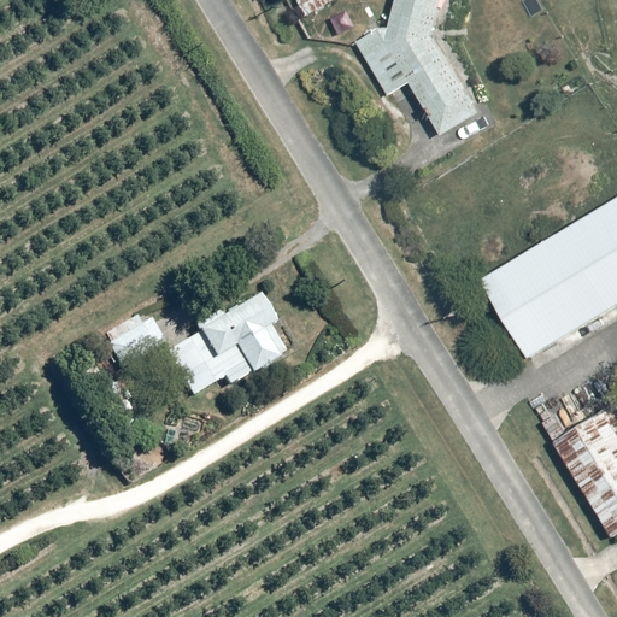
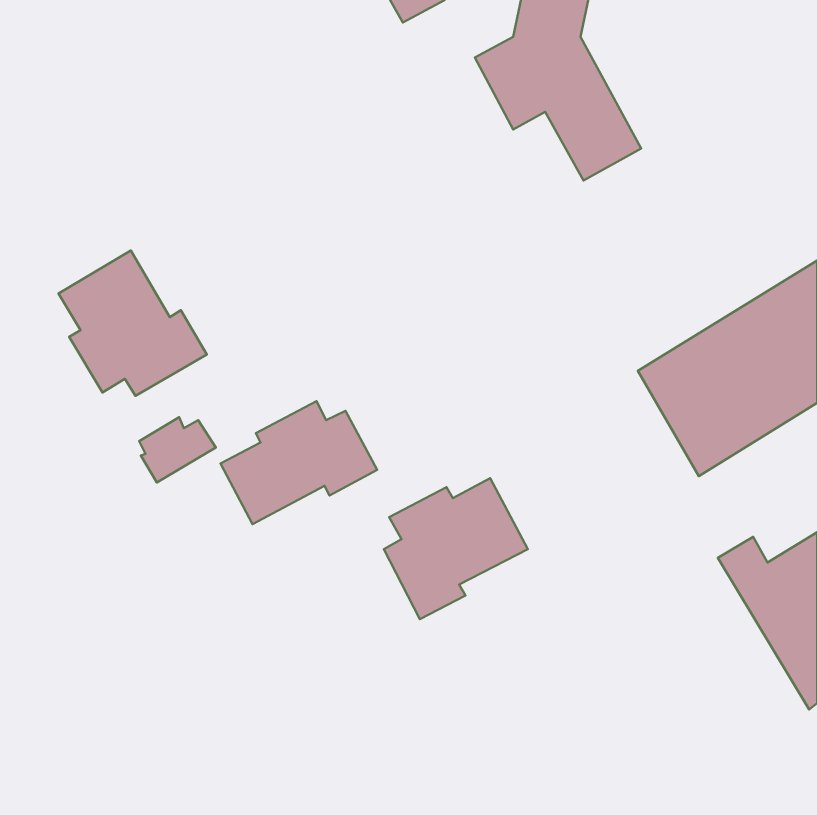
building: none -> [58,251,207,396]
building: none -> [384,478,528,619]

